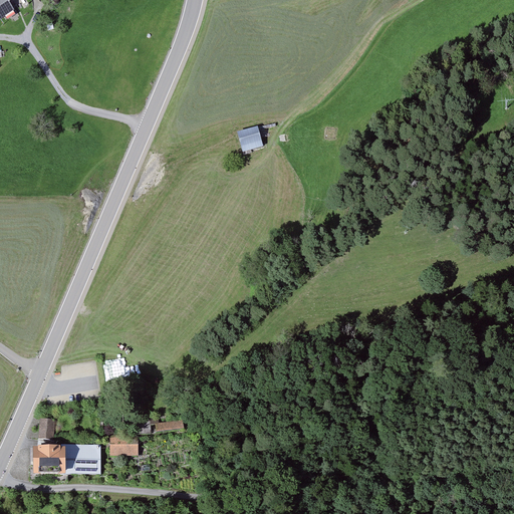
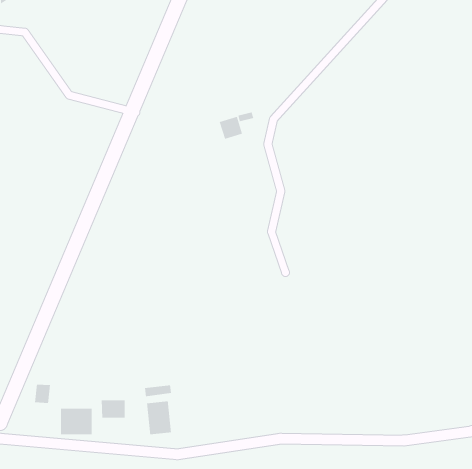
building: none -> [146,400,172,435]
building: [33,447,65,473] -> none

